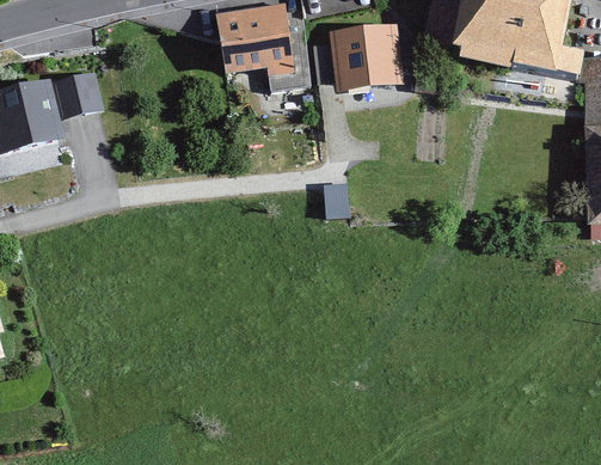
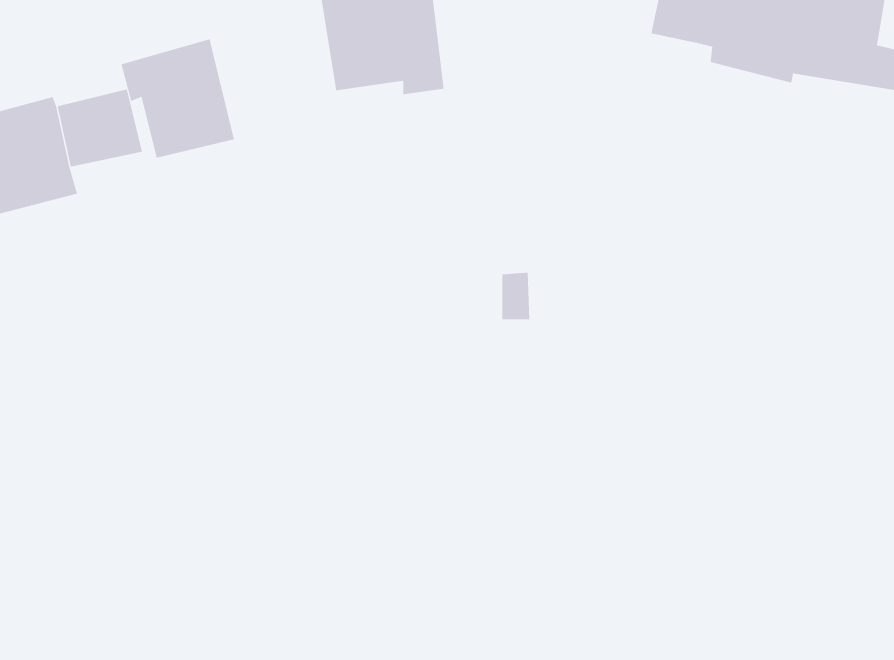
building: [330,22,405,91] -> none
building: none -> [121,39,234,158]

